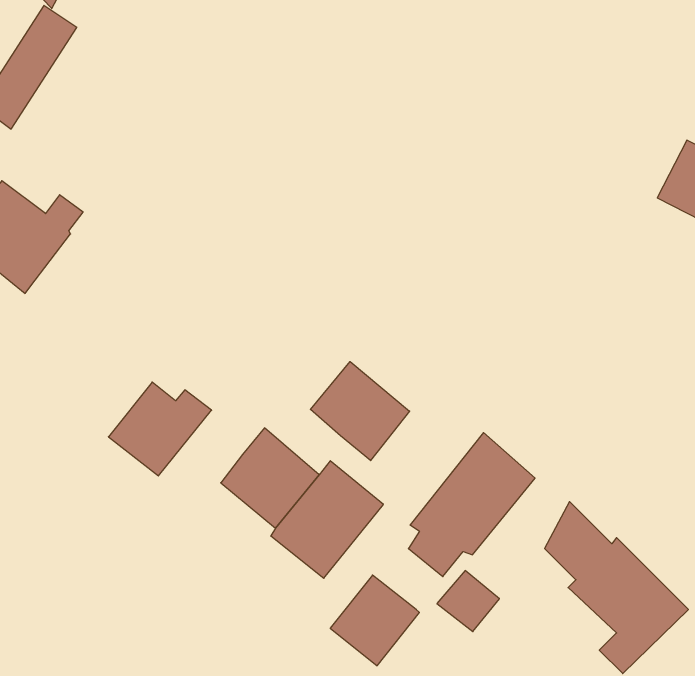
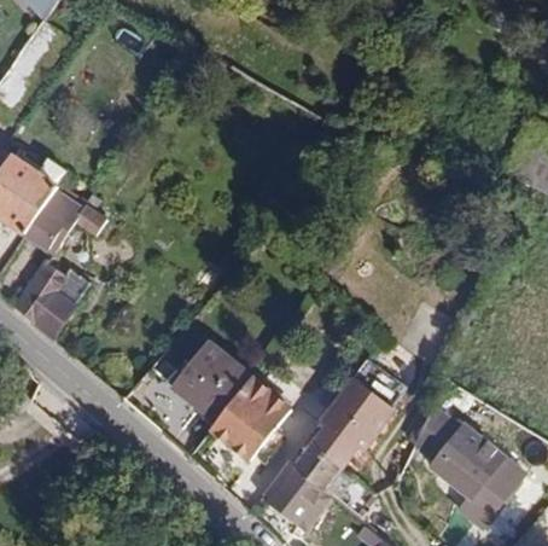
building: none -> [24,194,106,255]
building: [310,362,410,461] -> none
building: [108,382,212,476] -> [11,263,91,336]
building: [437,571,499,632] -> [295,437,343,484]

